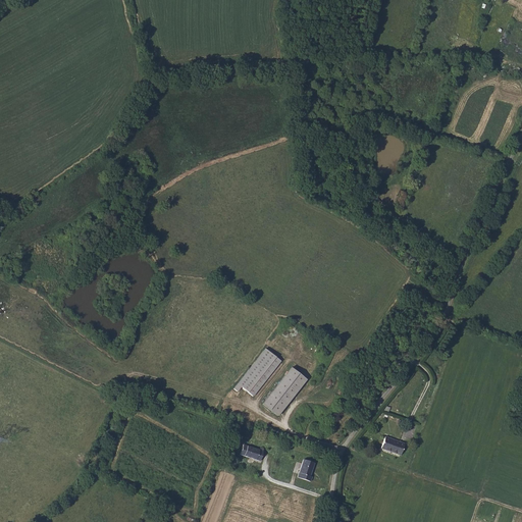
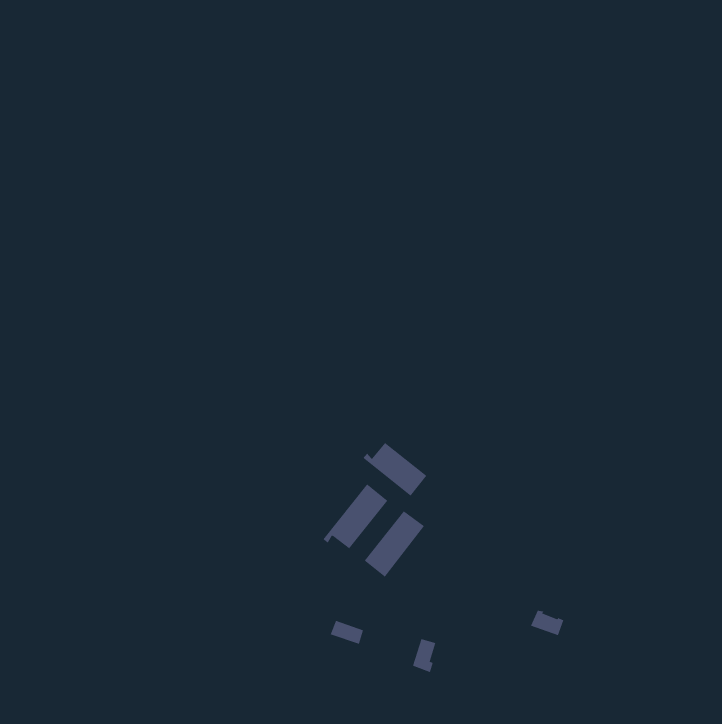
building: none -> [363,442,427,496]

